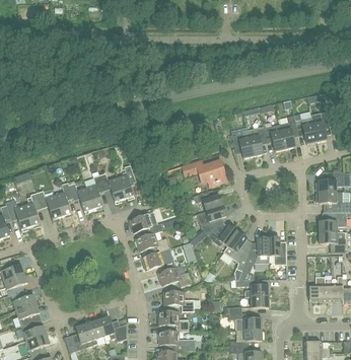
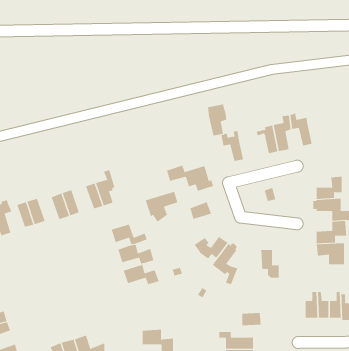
building: [311,111,330,141] -> none
building: [249,126,267,155] -> [207,104,227,136]
building: [197,205,227,233] -> [145,191,178,222]
building: [242,234,270,273] -> none
building: [159,267,194,286] -> none
building: [236,279,269,296] -> none
building: [166,291,196,311] -> none

